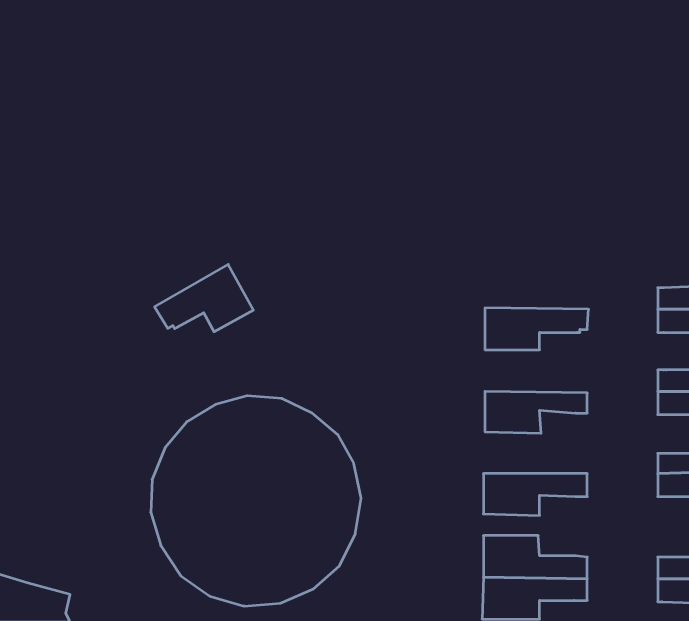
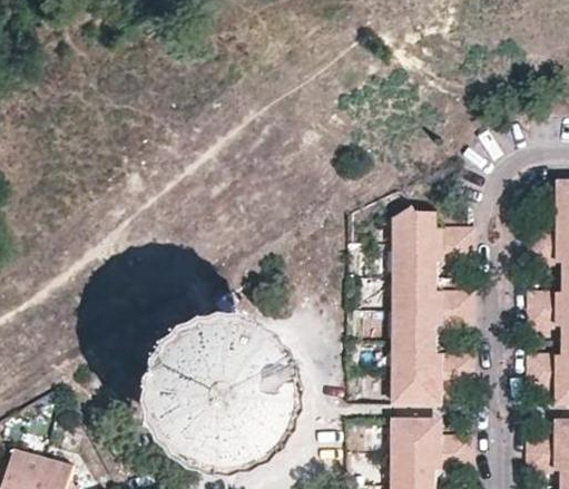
building: none -> [394,207,474,245]
building: [155,264,253,332] -> none
building: none -> [394,276,473,310]
building: none -> [393,340,473,372]

